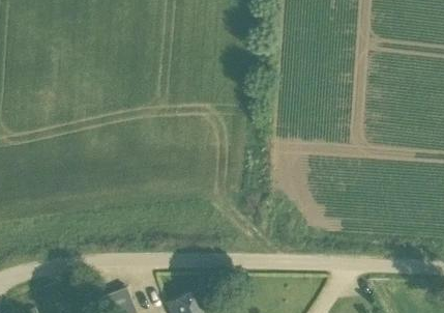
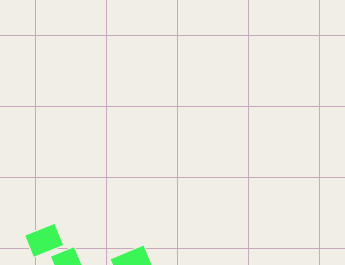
building: none -> [24,223,64,257]

